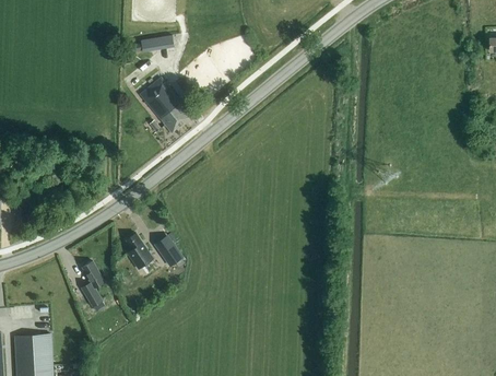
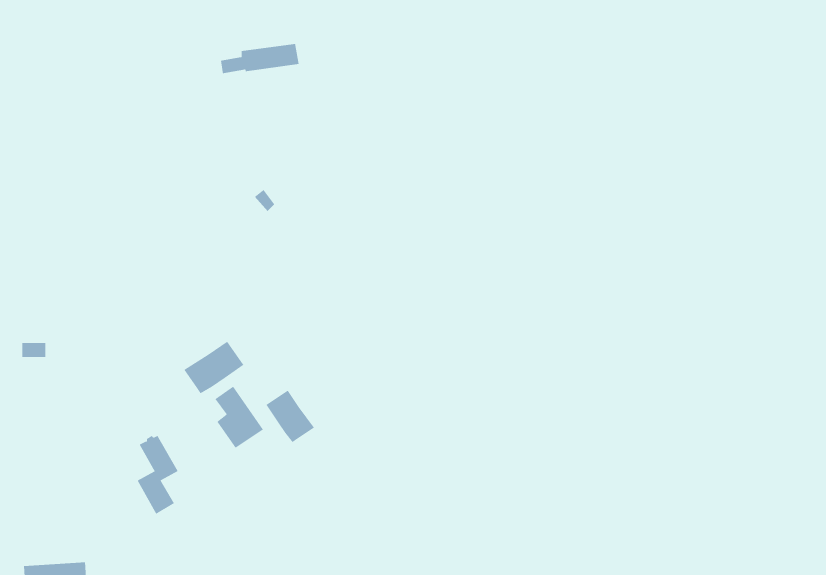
building: [140,78,191,132] -> none
building: none -> [184,341,244,394]

